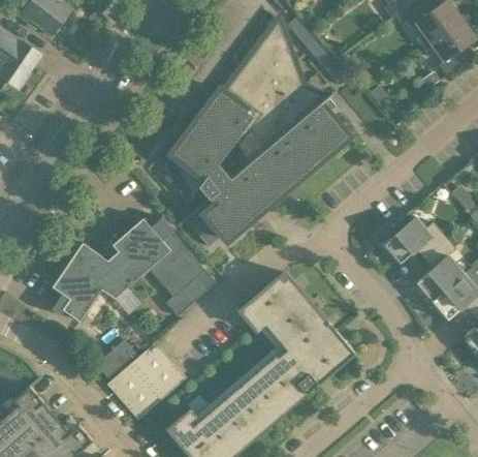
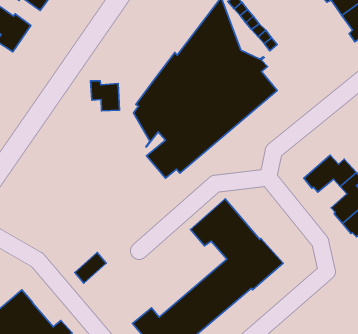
building: none -> [90,81,119,111]
building: [51,216,216,319] -> none
building: [107,341,186,419] -> none

